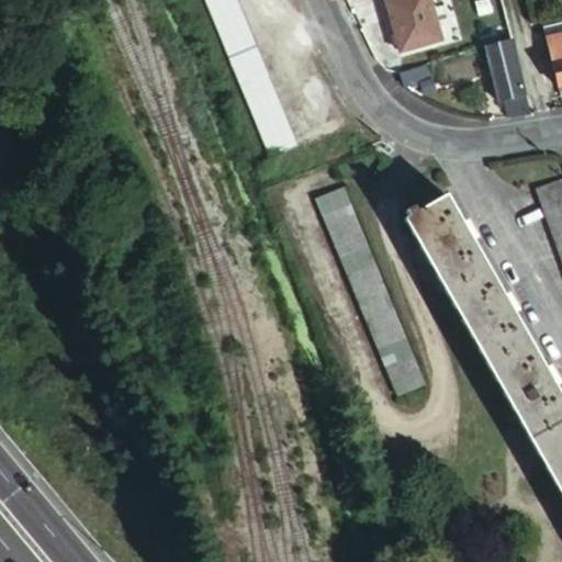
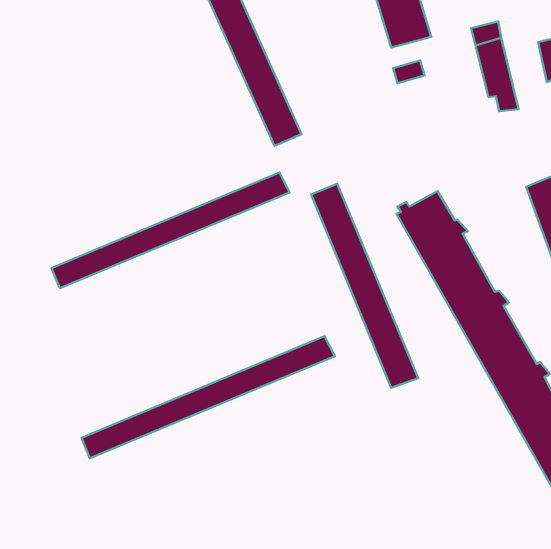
building: none -> [51,173,290,288]
building: none -> [82,336,335,458]

